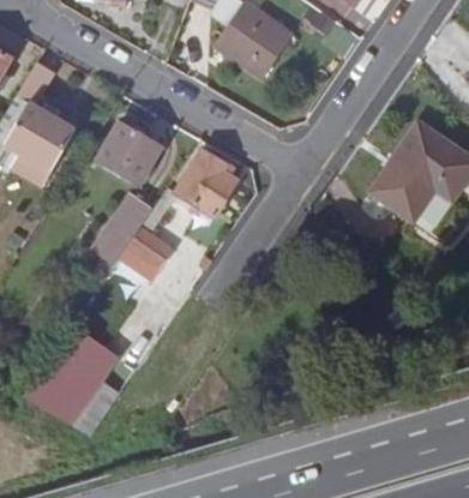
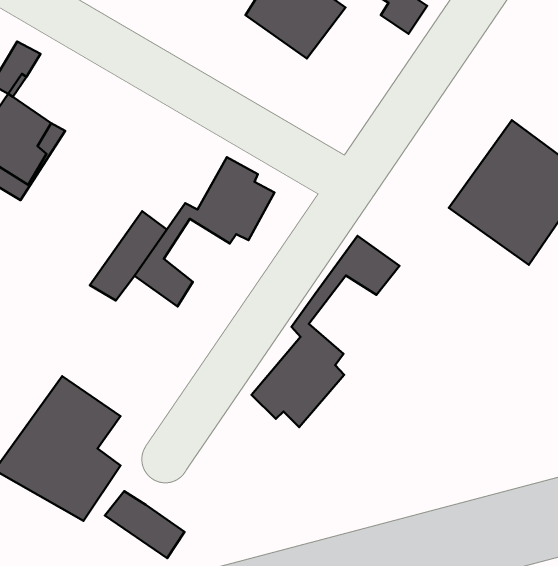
building: [96,118,162,184] -> none
building: none -> [251,236,399,427]
building: none -> [105,491,184,558]

